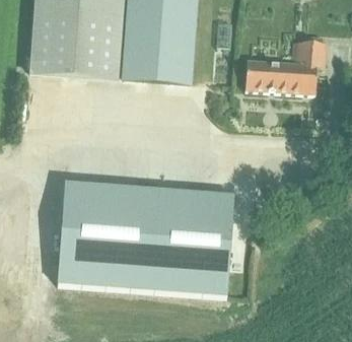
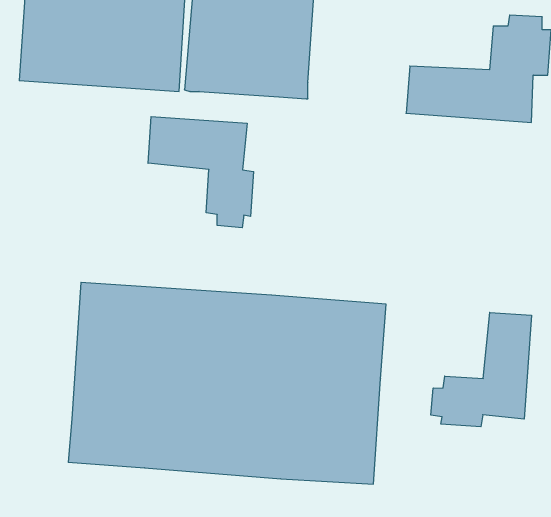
building: none -> [148,117,254,228]
building: none -> [431,312,531,427]

